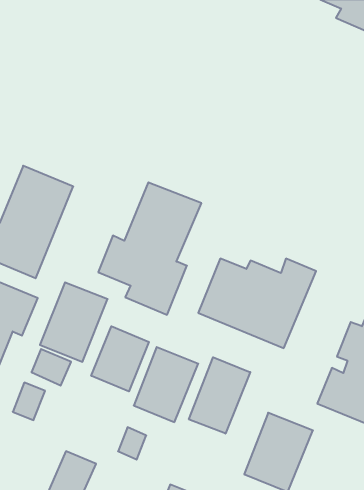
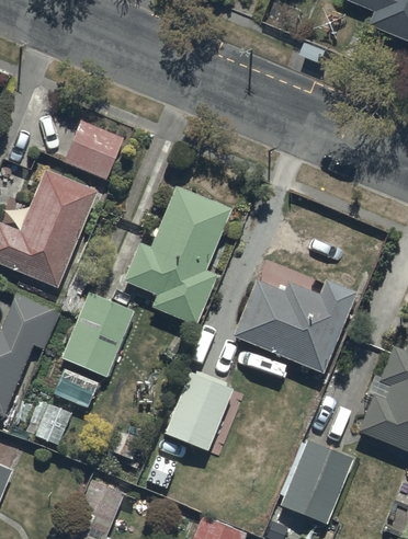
building: none -> [65,126,125,185]
building: [91,326,149,391] -> none
building: [189,357,250,434] -> none

